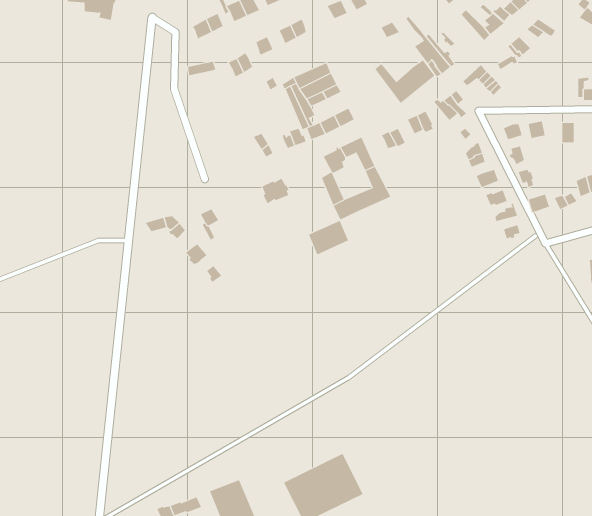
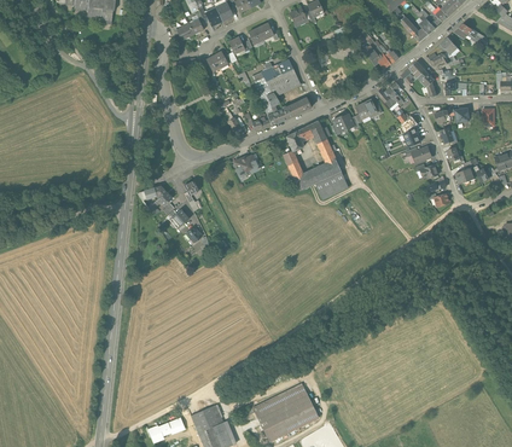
building: [375,60,435,104] -> none
building: [308,220,349,255] -> [315,170,349,199]

